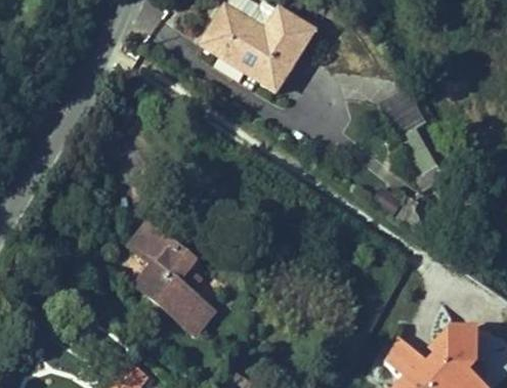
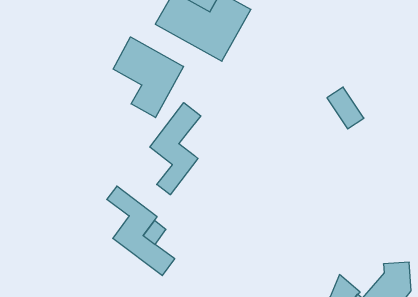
building: none -> [113,37,184,118]
building: none -> [150,103,201,195]

